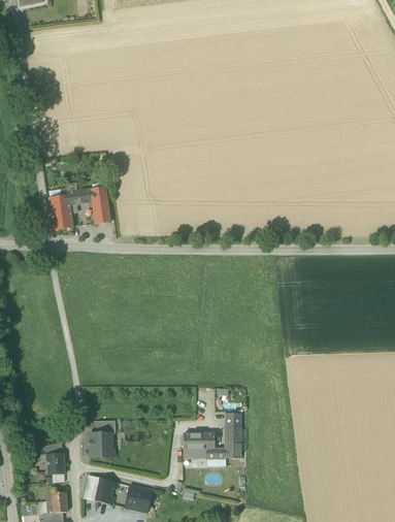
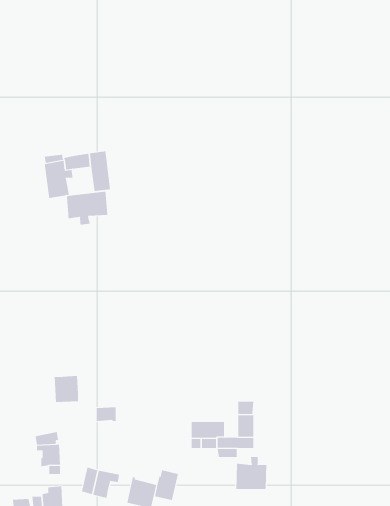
building: none -> [66,191,108,225]
building: [89,432,111,457] -> [54,375,79,403]
building: none -> [236,456,267,490]
building: none -> [154,470,178,501]

